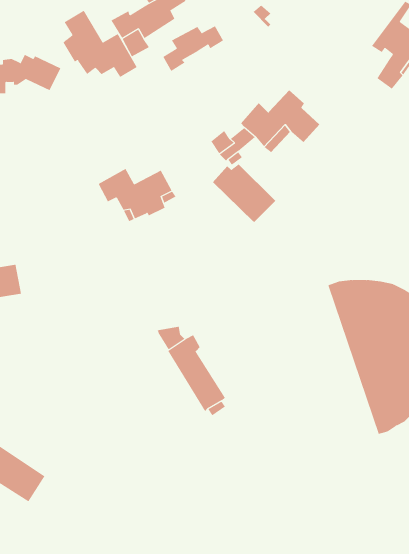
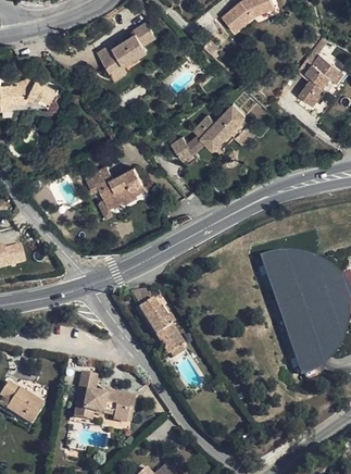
building: [63,10,138,78] -> none
building: [162,25,224,72] -> none
building: [212,163,276,223] -> none
building: none -> [75,372,136,420]

